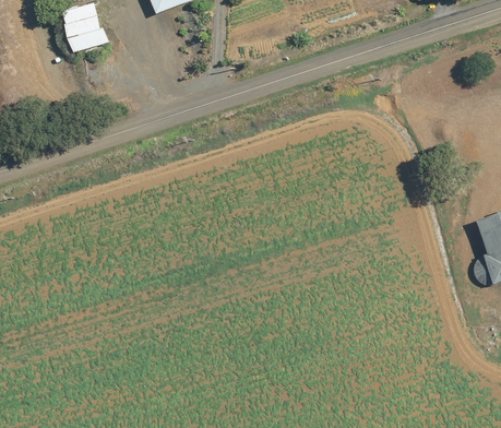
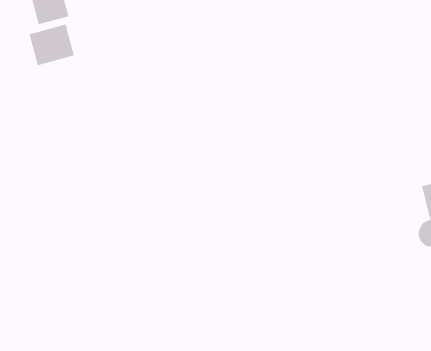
building: none -> [29,23,75,66]

